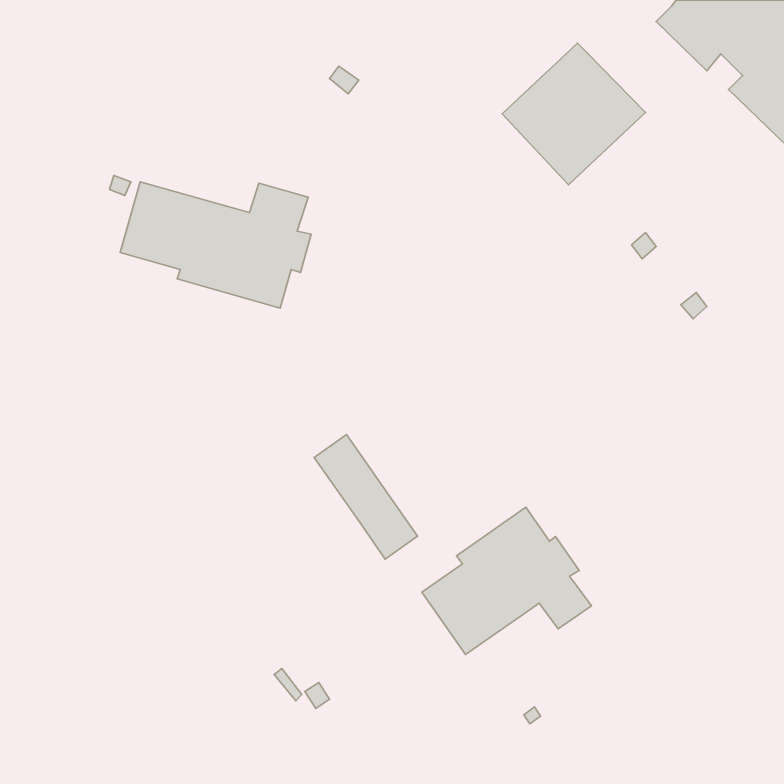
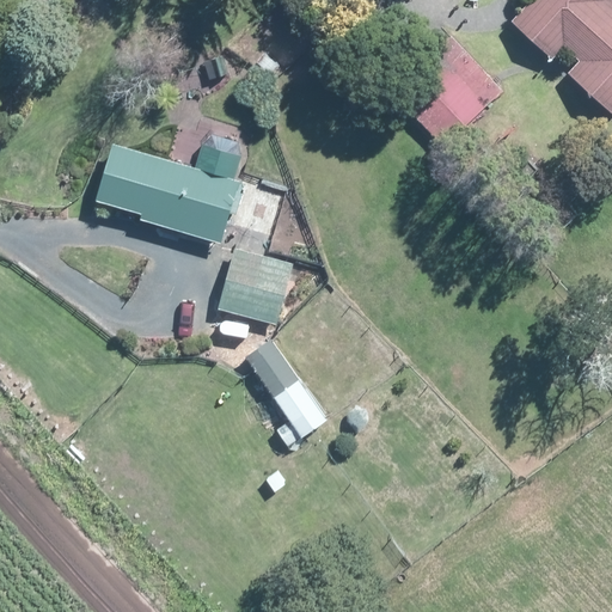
building: none -> [220,249,294,333]
building: [422,507,591,655] -> none

